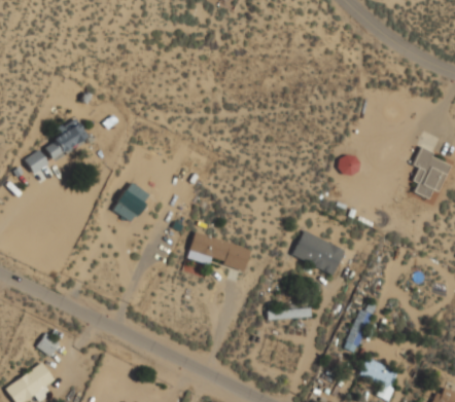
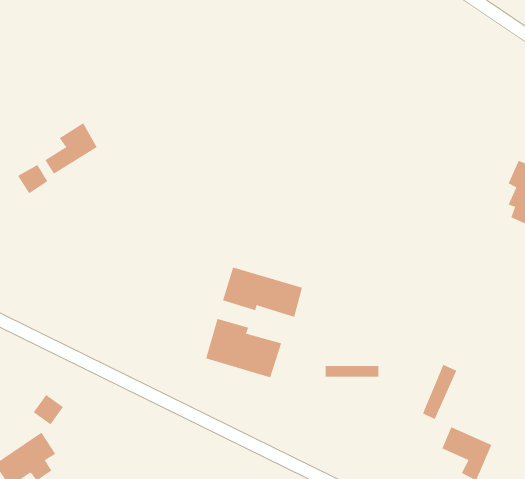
building: [113,183,150,222] -> none
building: [291,229,345,276] -> none
building: none -> [206,318,282,378]

